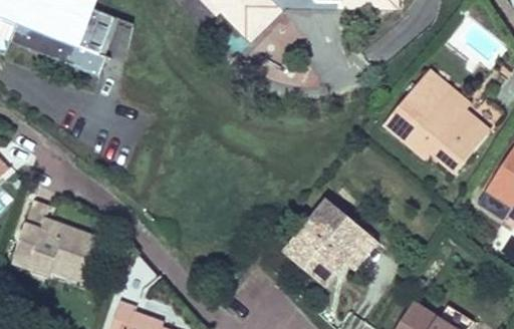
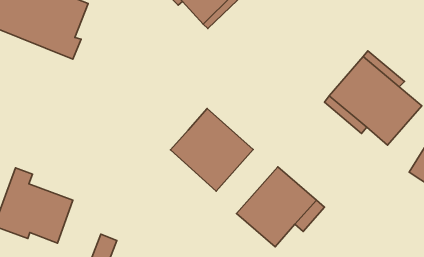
building: none -> [170,108,253,191]

